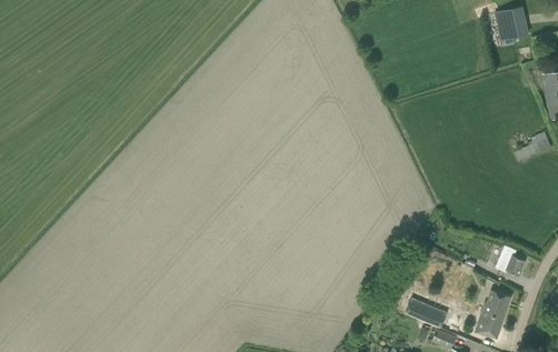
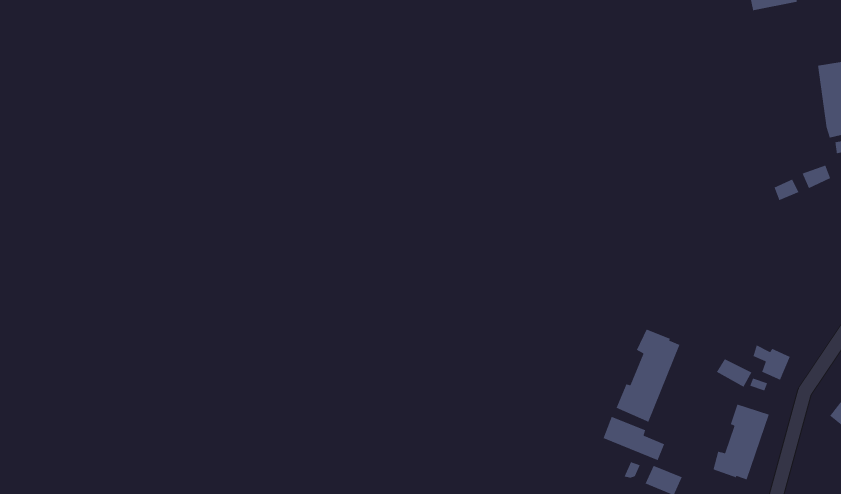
building: none -> [616,329,681,423]

